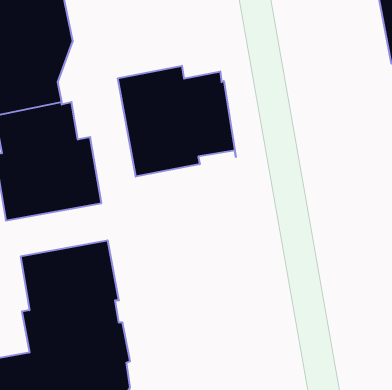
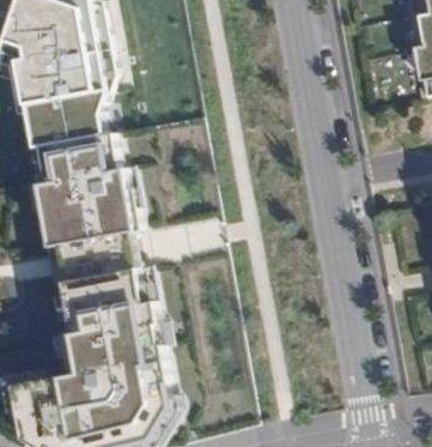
building: [118,66,236,177] -> none

